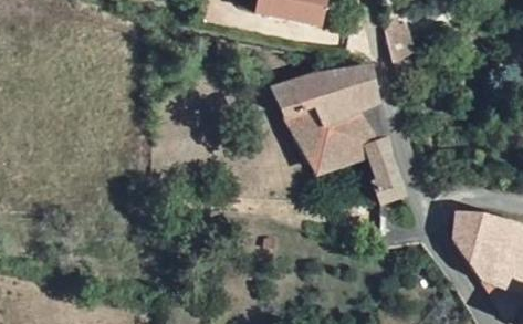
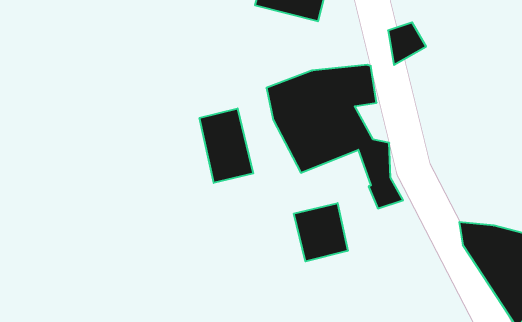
building: none -> [200,108,253,183]
building: none -> [294,203,348,261]

